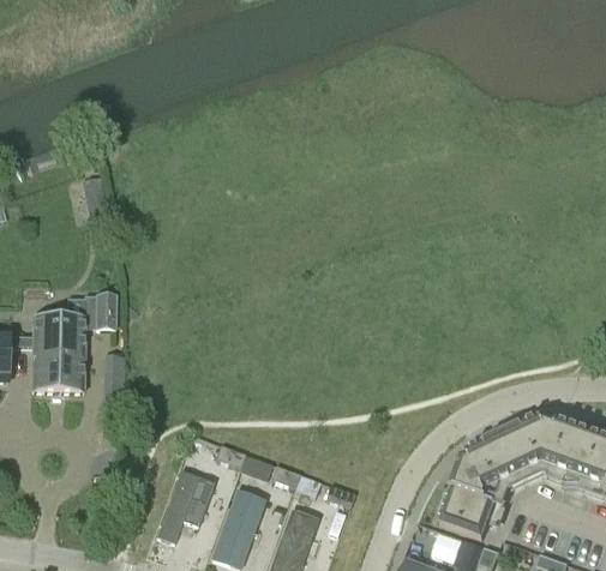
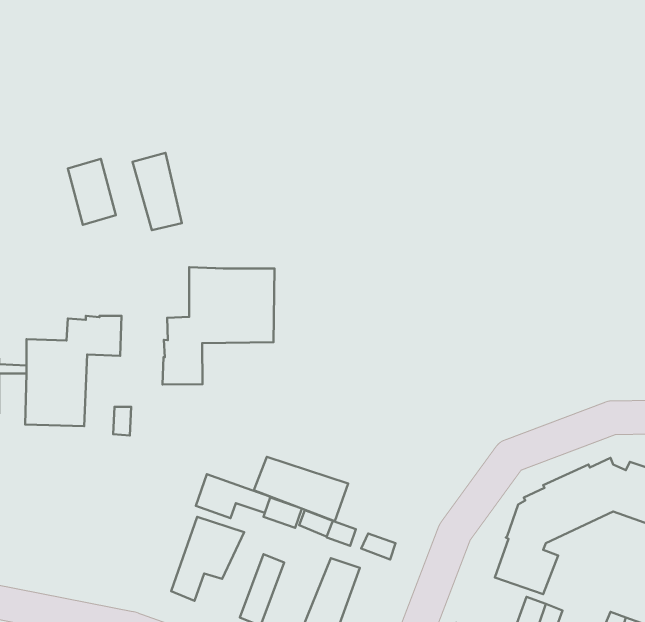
building: none -> [132,153,182,230]
building: none -> [163,267,274,385]
building: none -> [254,457,348,521]

